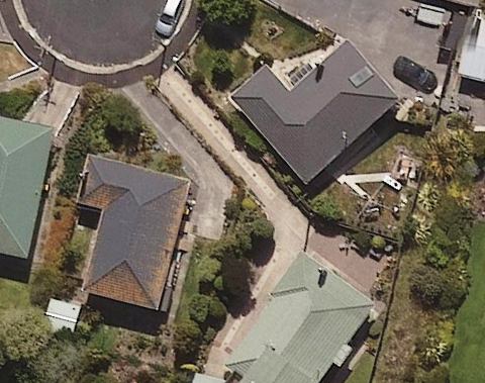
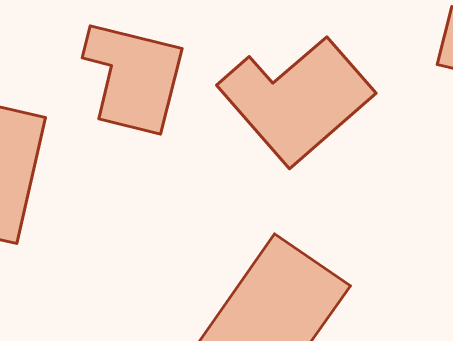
building: none -> [82,26,182,134]
building: [83,157,192,310] -> none

